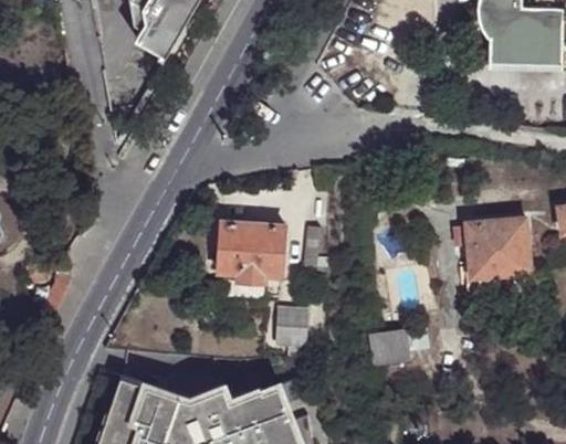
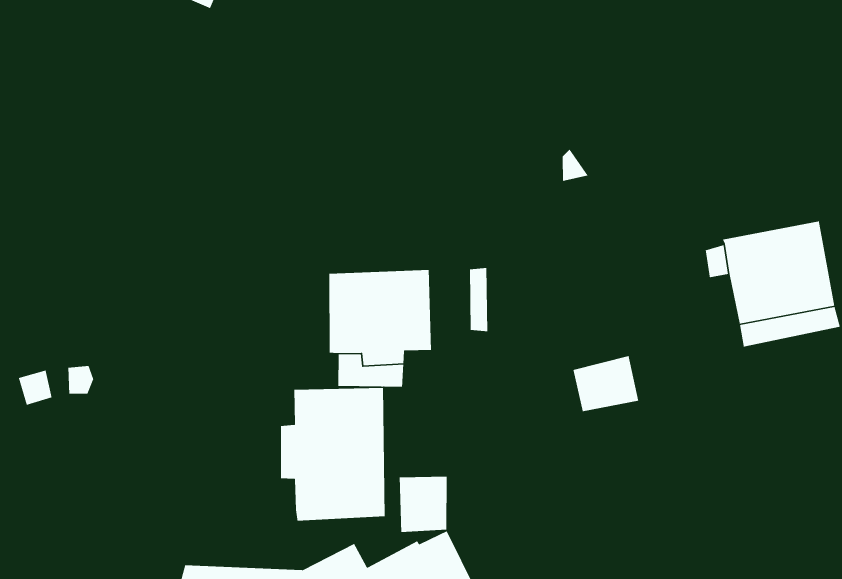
building: none -> [280,387,385,521]
building: [276,308,308,343] -> [399,476,448,533]
building: [371,331,410,363] -> [573,355,639,412]

